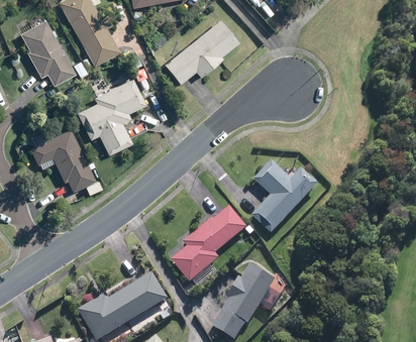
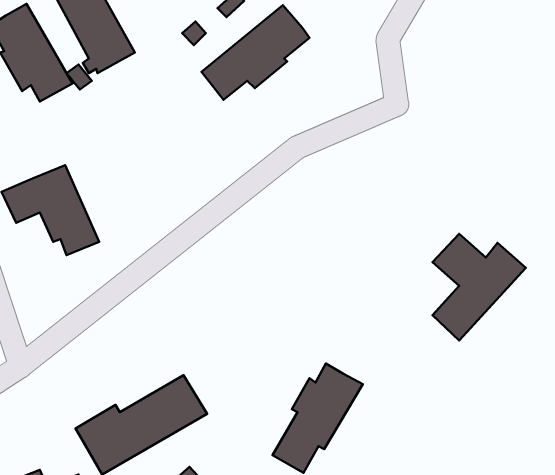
building: [78,79,145,154] -> none
building: [252,160,316,233] -> [432,234,526,340]
building: [171,207,245,288] -> none

